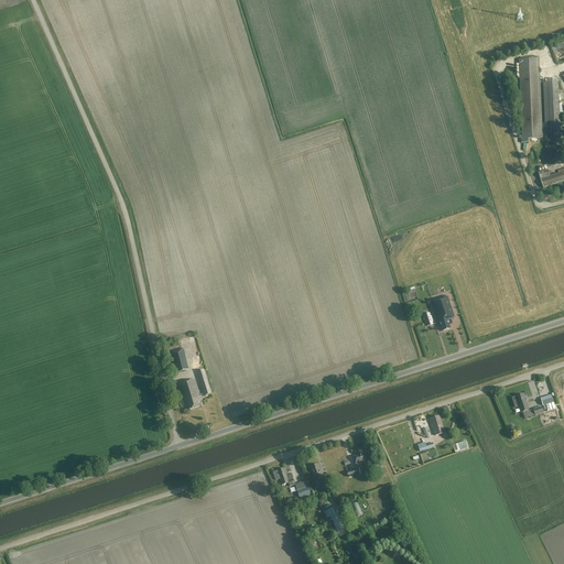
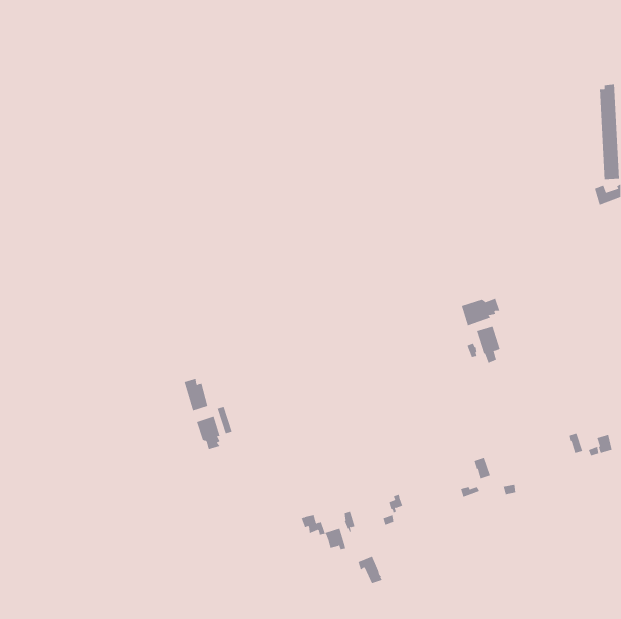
building: [518,56,541,138] -> none
building: none -> [461,298,500,326]

